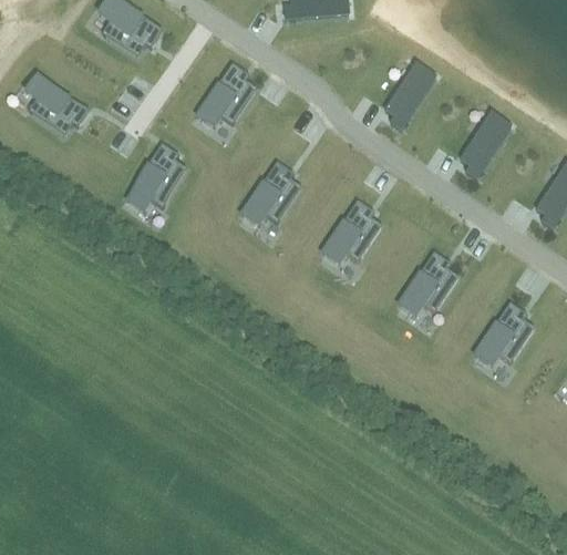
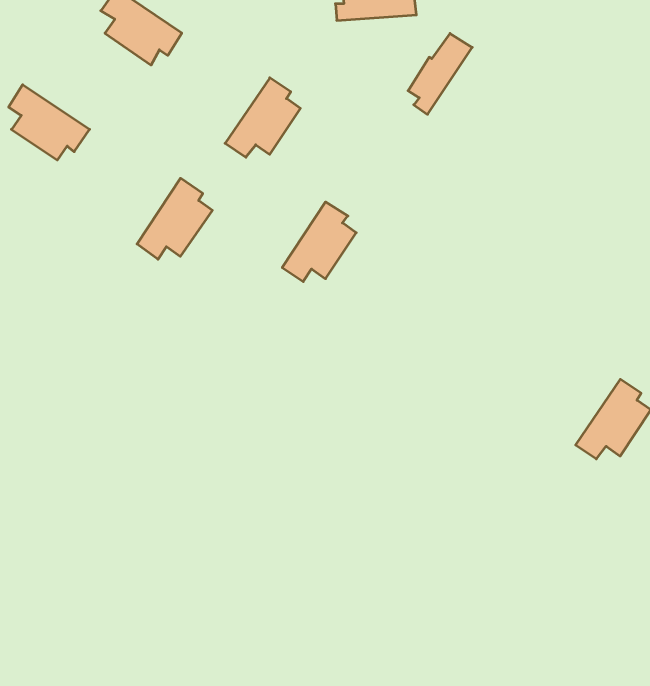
building: [384,65,435,130] -> [408,33,472,114]
building: [460,114,509,178] -> none
building: [321,202,381,265] -> none
building: [399,253,457,317] -> none

